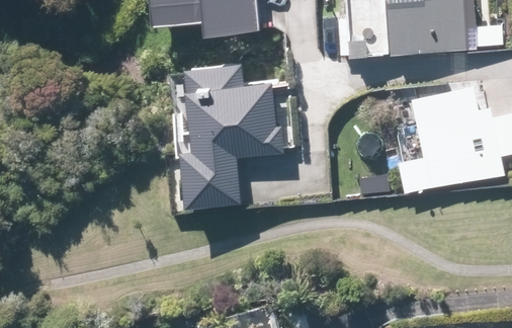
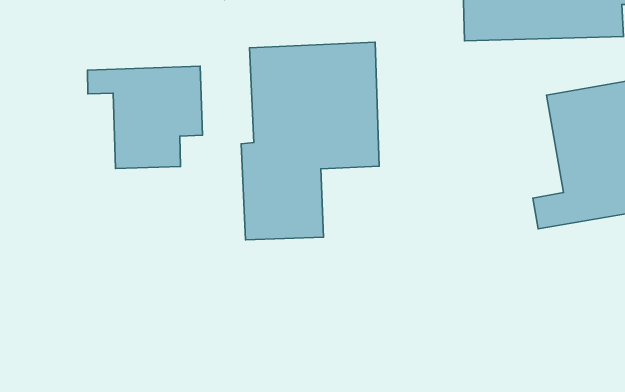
building: none -> [87,66,202,168]

